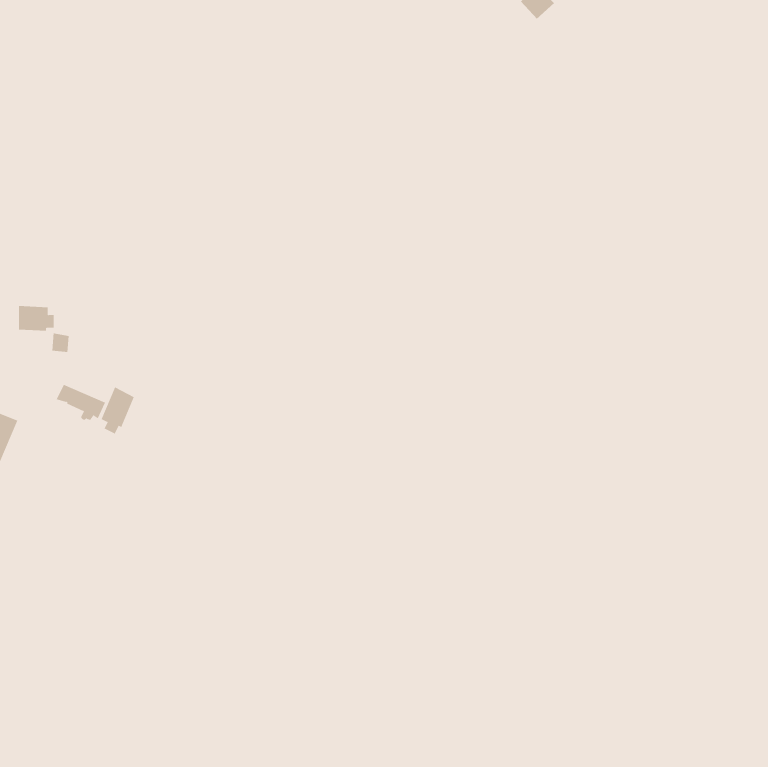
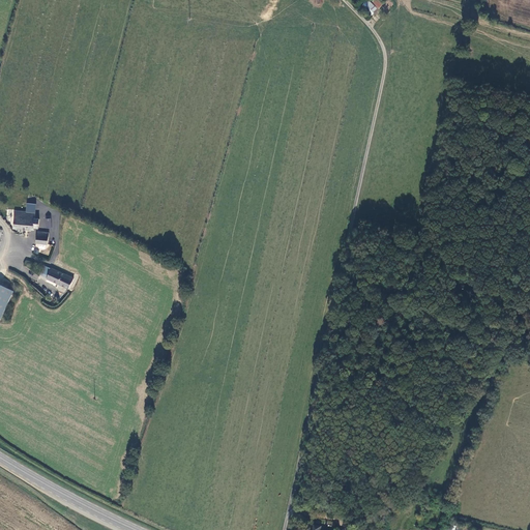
building: [101,387,135,435] -> none

